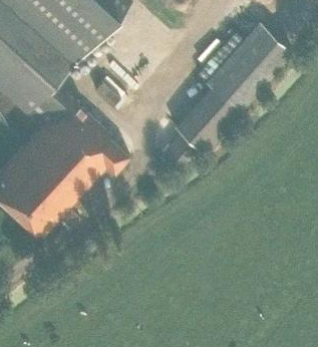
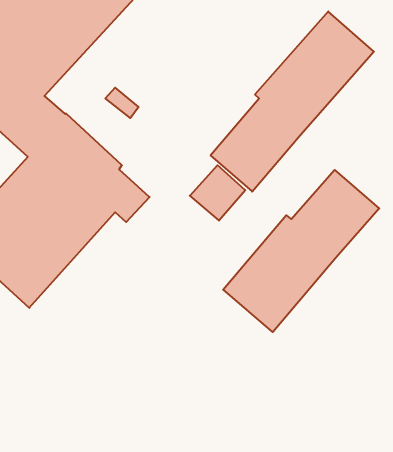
building: none -> [223,170,379,332]

